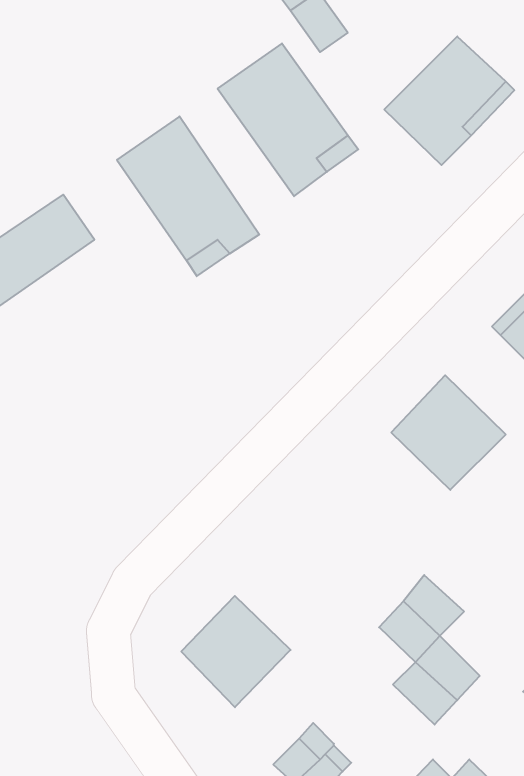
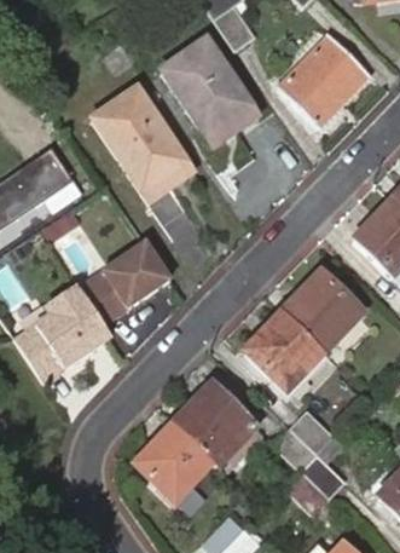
building: none -> [105,241,173,307]
building: none -> [19,283,114,373]
building: none -> [248,312,325,391]
building: none -> [175,386,256,467]

